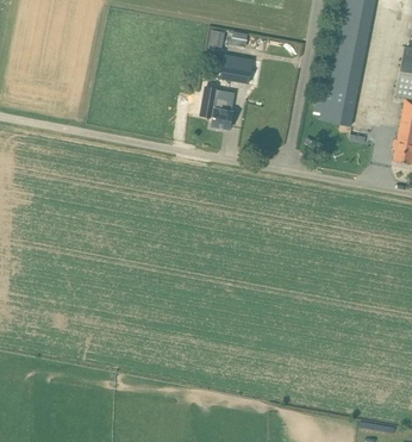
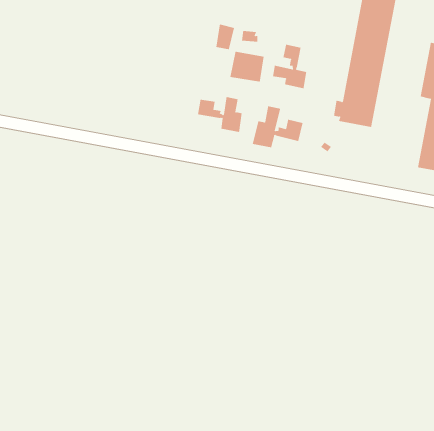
building: none -> [272,44,307,89]
building: none -> [252,106,303,148]

